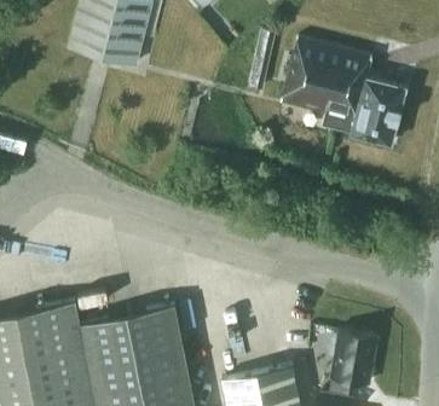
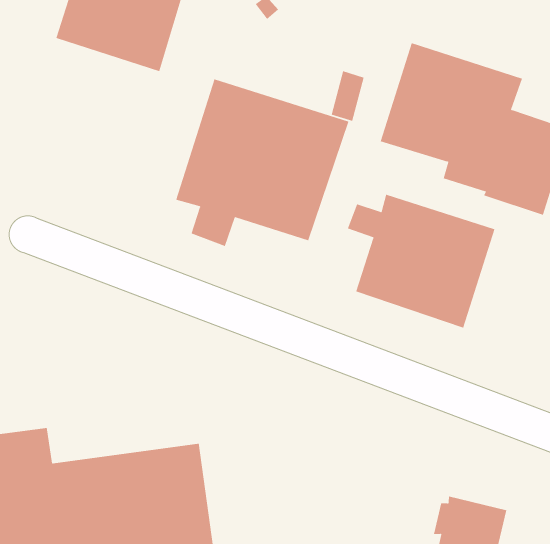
building: none -> [175,79,349,247]
building: none -> [347,194,495,328]

